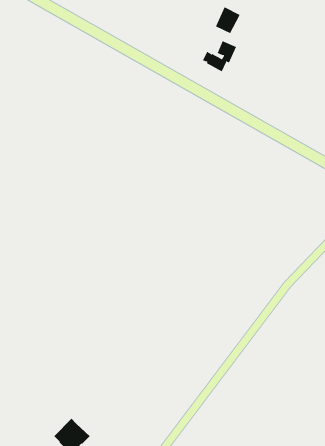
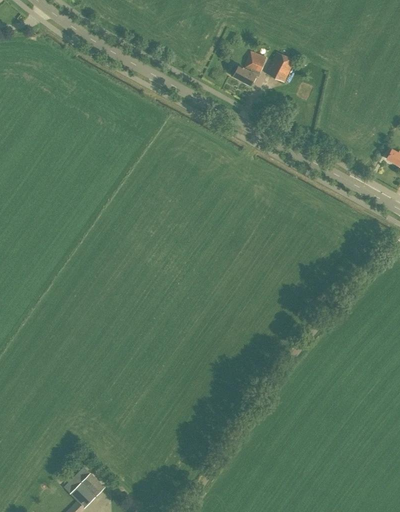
building: [215,7,241,34] -> [267,52,295,82]

